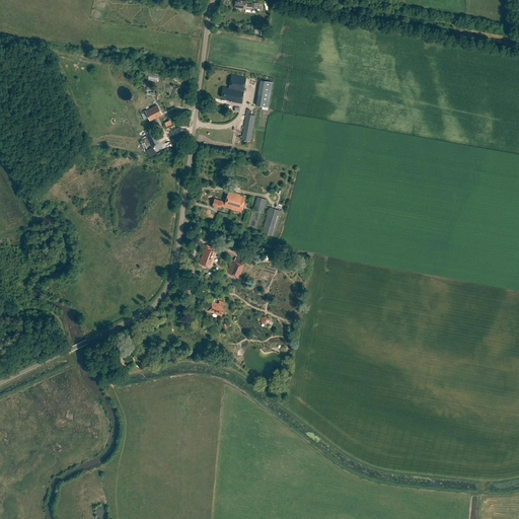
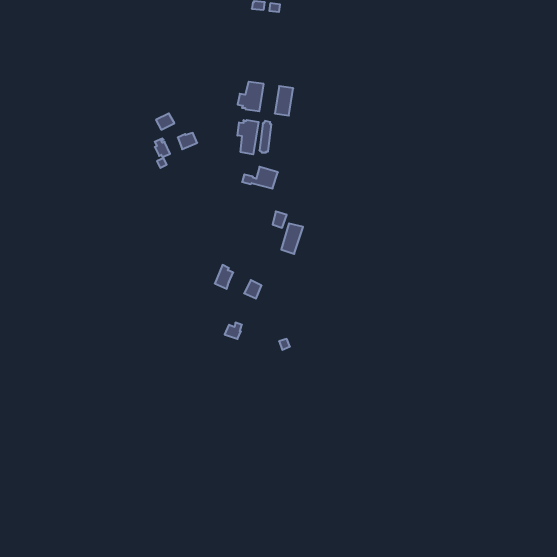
building: none -> [237,120,259,154]
building: [212,192,245,212] -> [242,167,278,189]

